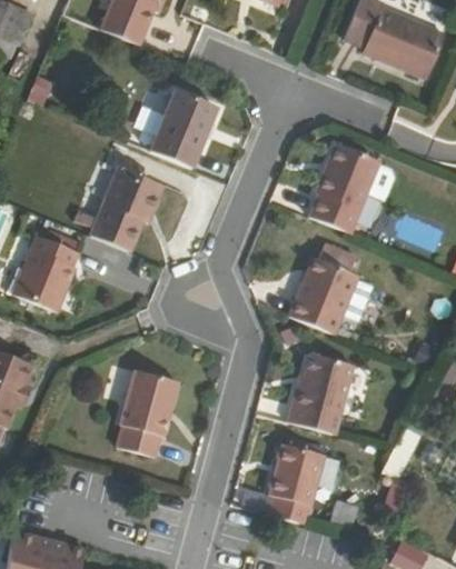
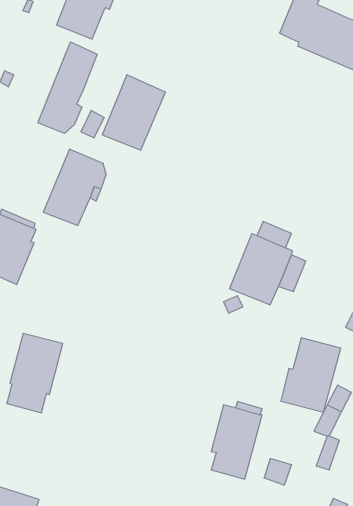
building: none -> [38,42,97,133]
building: [309,143,394,233] -> none
building: [288,353,354,435] -> [281,338,341,412]
building: [117,370,178,457] -> [7,333,63,413]

